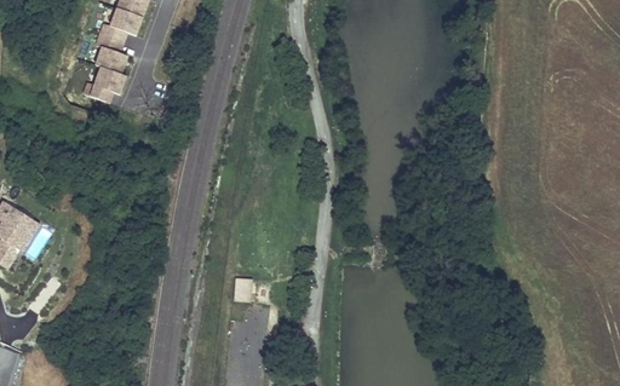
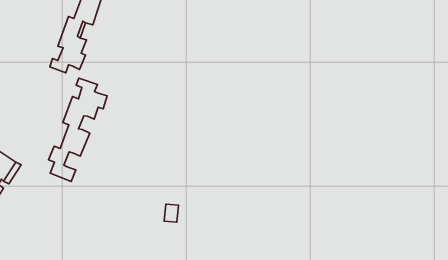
building: none -> [48,78,107,181]

